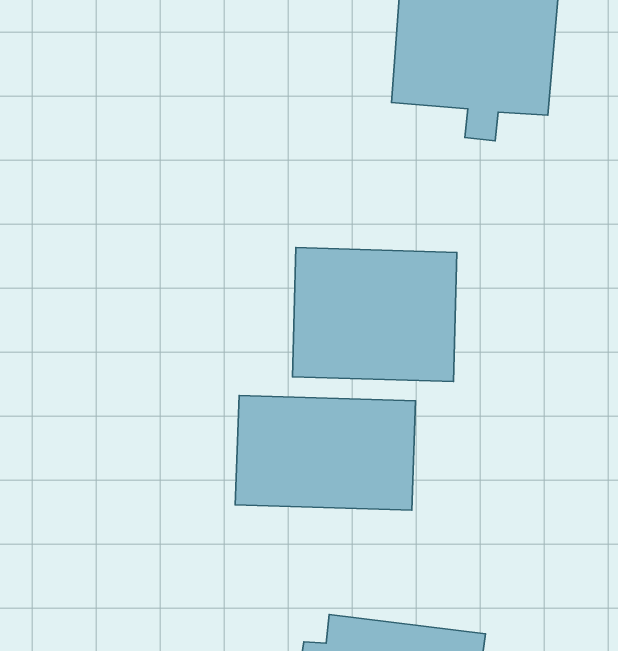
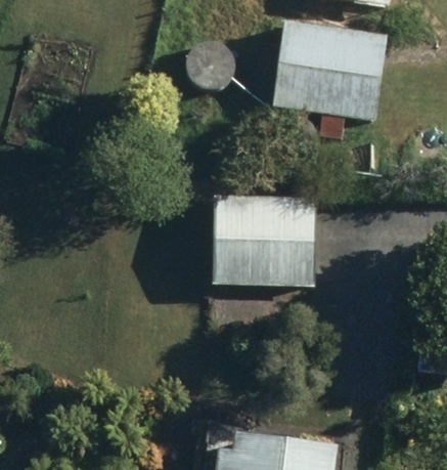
building: [235,395,416,510] -> none

